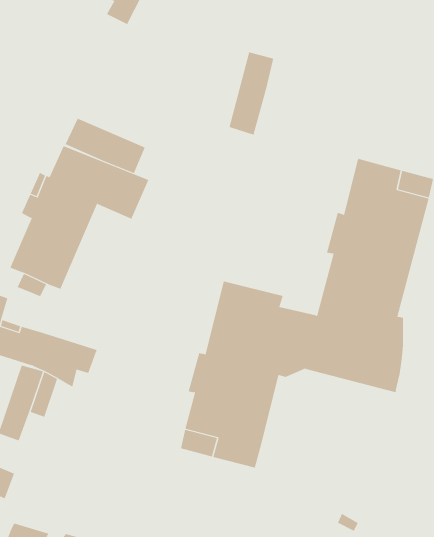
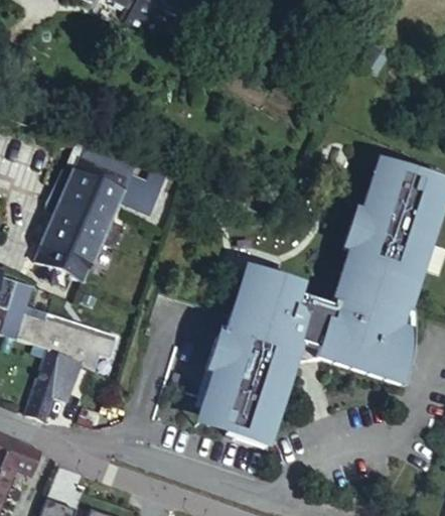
building: [229,52,274,136] -> none
building: [65,118,145,174] -> none

